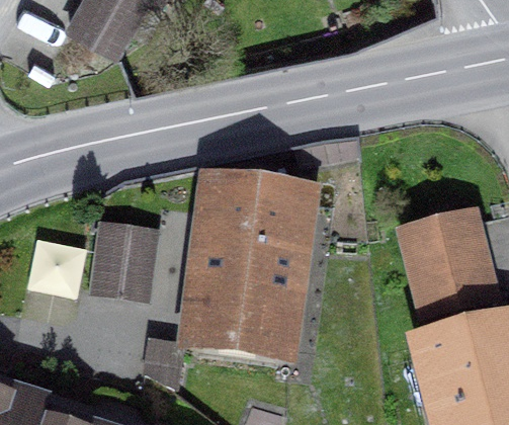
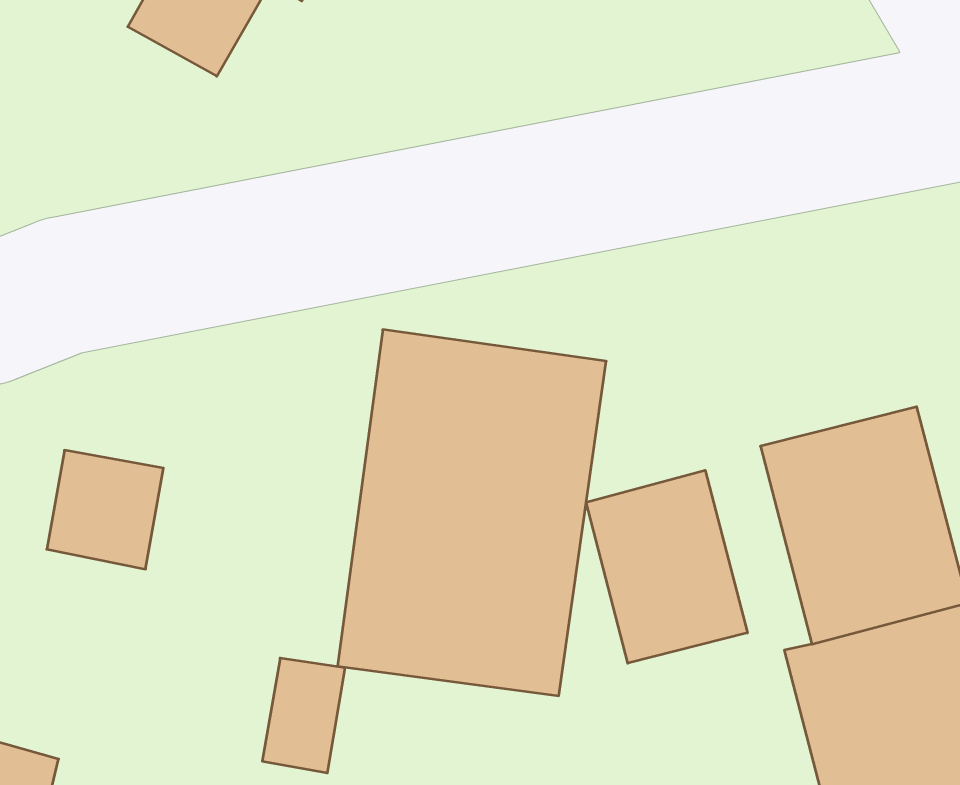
building: [92,224,158,302] -> none
building: none -> [586,470,747,663]

